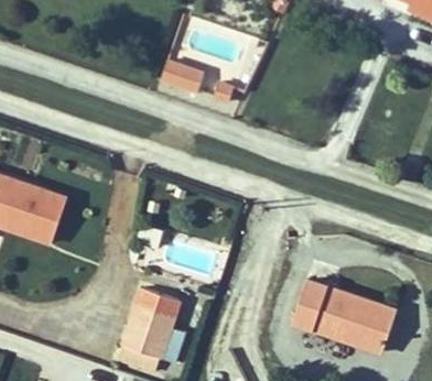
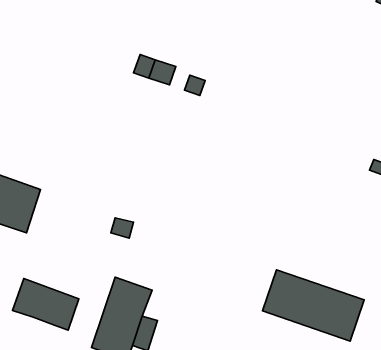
building: none -> [12,279,79,330]

